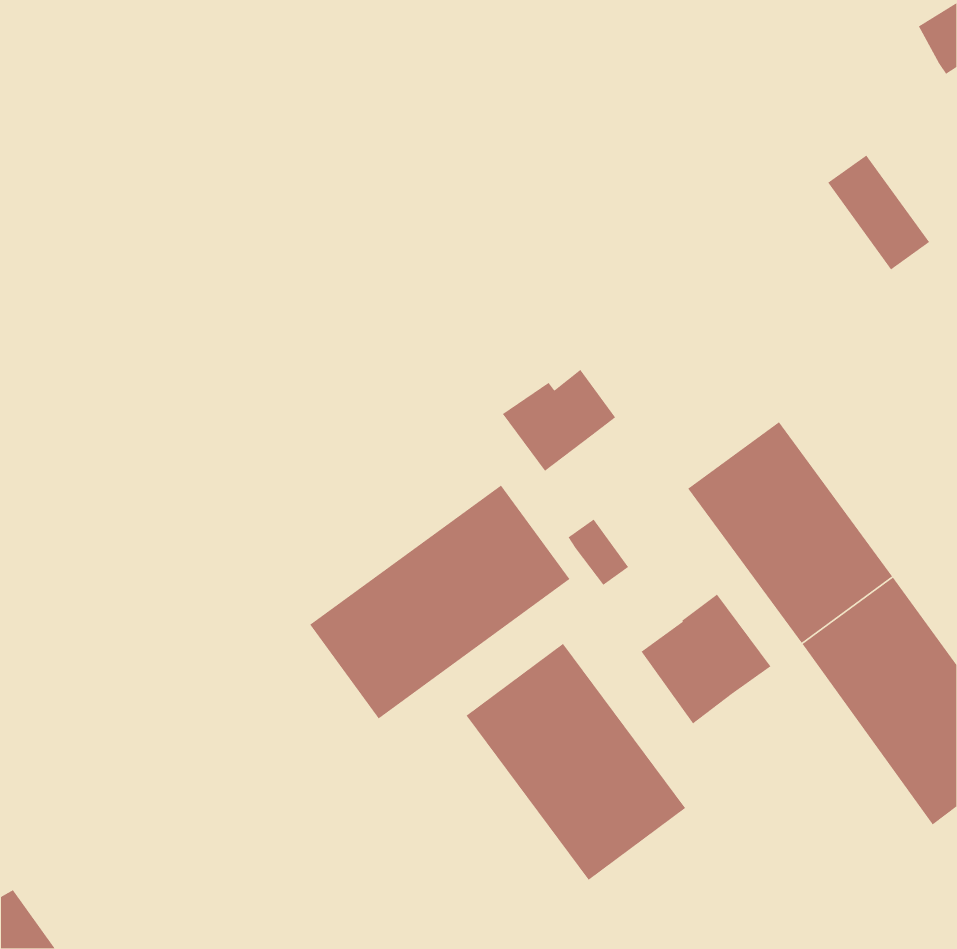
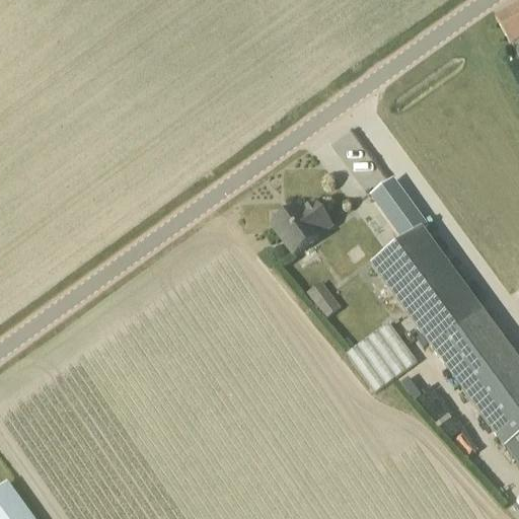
building: [827,154,930,270] -> [371,172,427,235]
building: [309,484,571,719] -> none
building: [466,643,686,881] -> none

